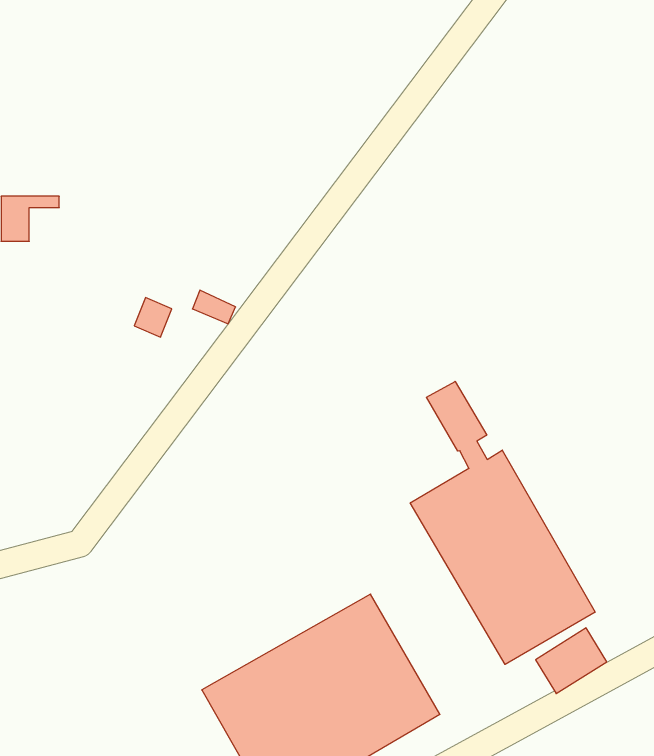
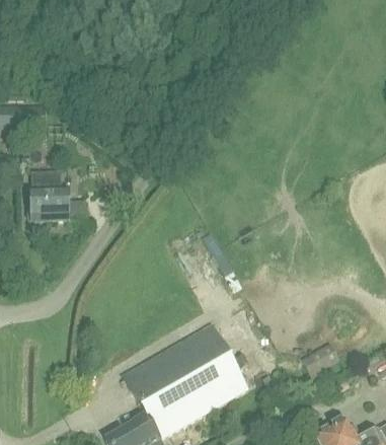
building: none -> [31,171,87,221]
building: [410,381,595,664] -> none

